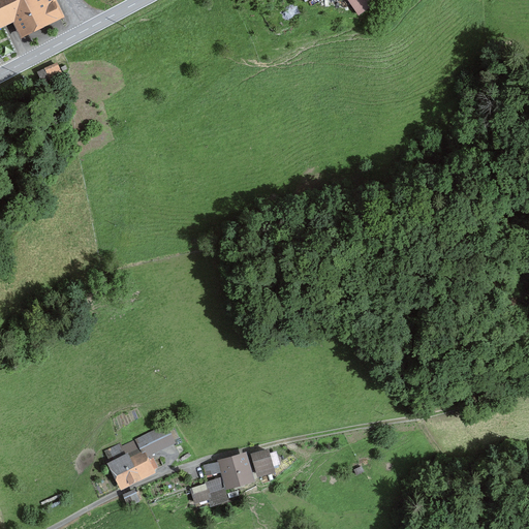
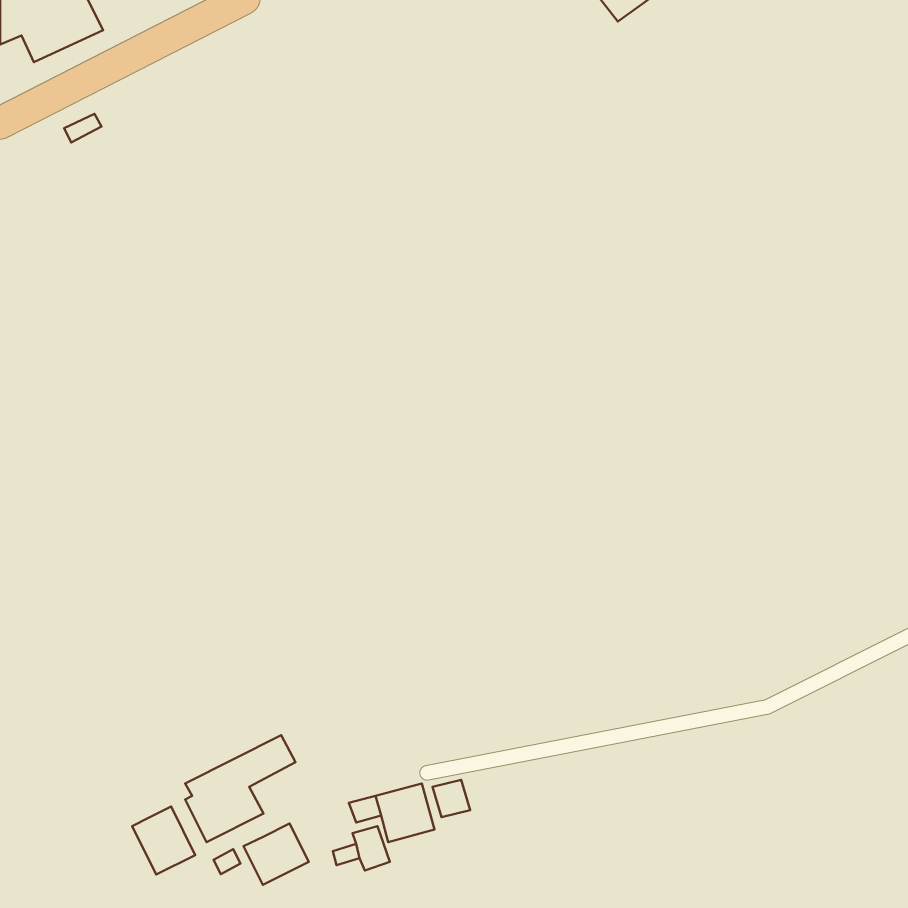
building: none -> [132,807,195,875]
building: none -> [244,823,309,885]

